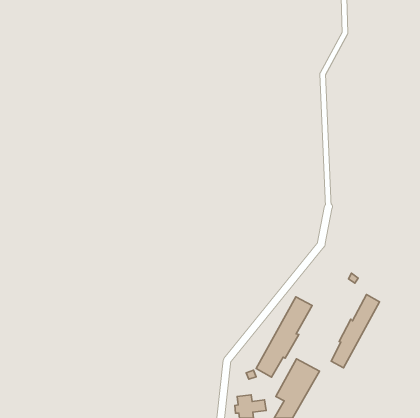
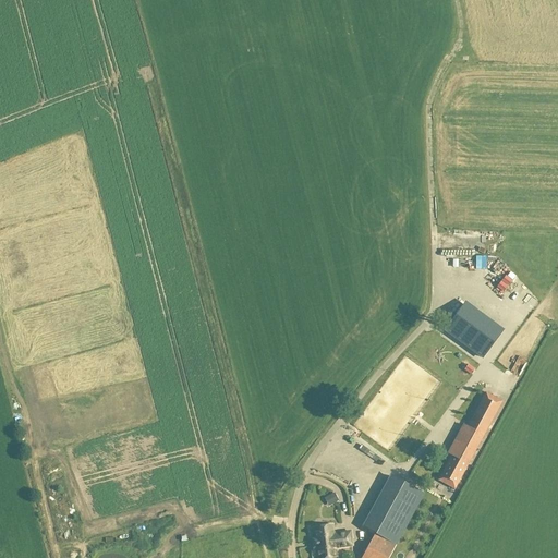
building: none -> [446,304,500,356]
building: [256,297,312,377] -> none

